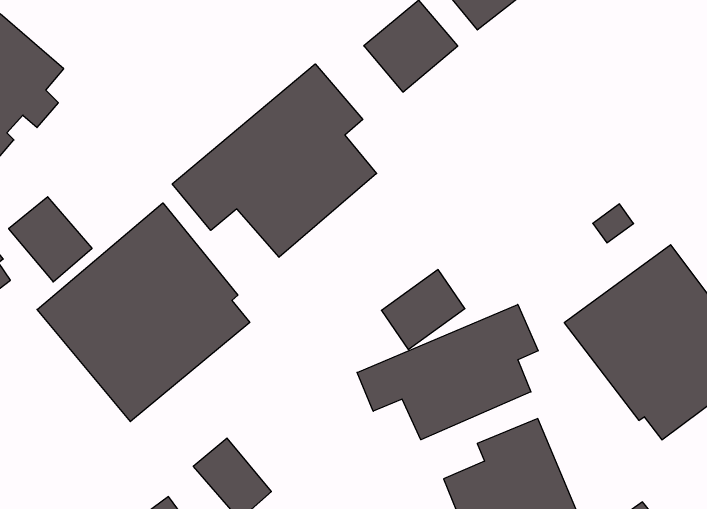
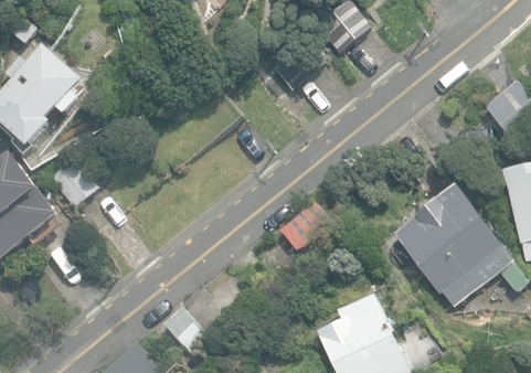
building: [172,64,377,257] -> none
building: [37,203,250,422] -> none
building: [357,304,538,440] -> none

